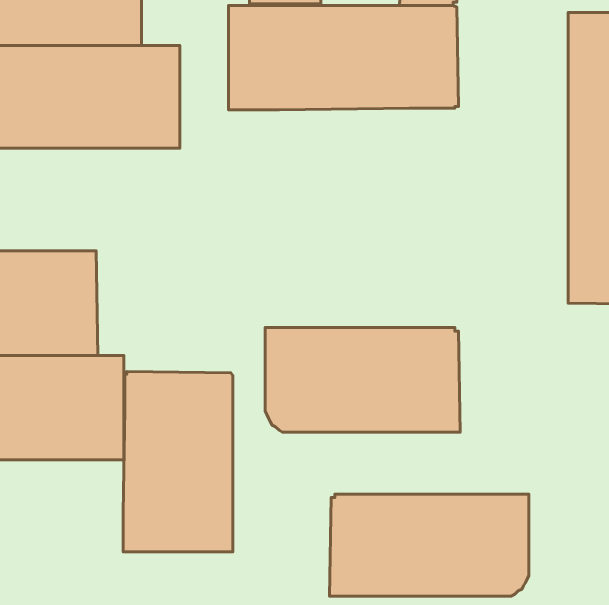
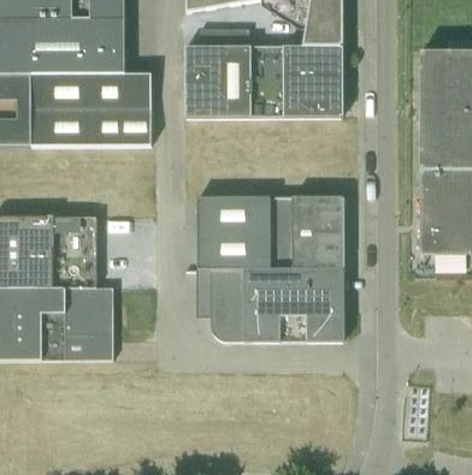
building: none -> [196,196,343,269]
building: [123,371,233,552] -> none
building: [329,494,529,596] -> none

